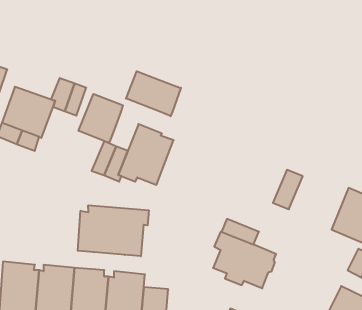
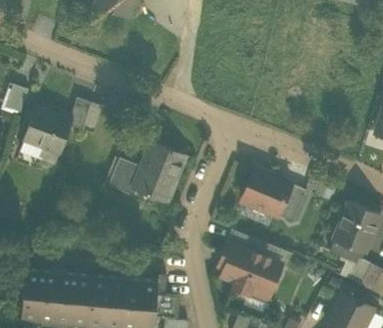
building: [126,71,181,116] -> none
building: [79,94,123,142] -> none
building: none -> [241,171,291,217]
building: [78,205,149,256] -> none

